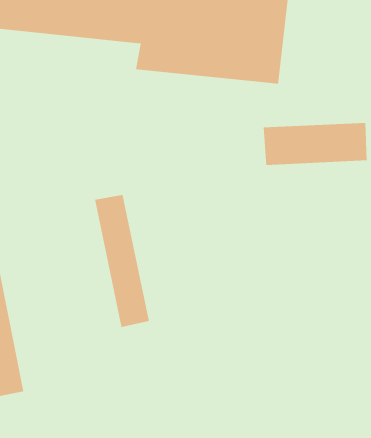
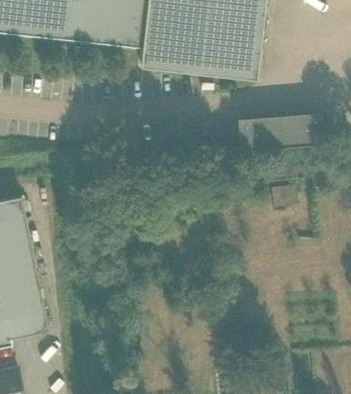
building: [95,194,149,328] -> none

